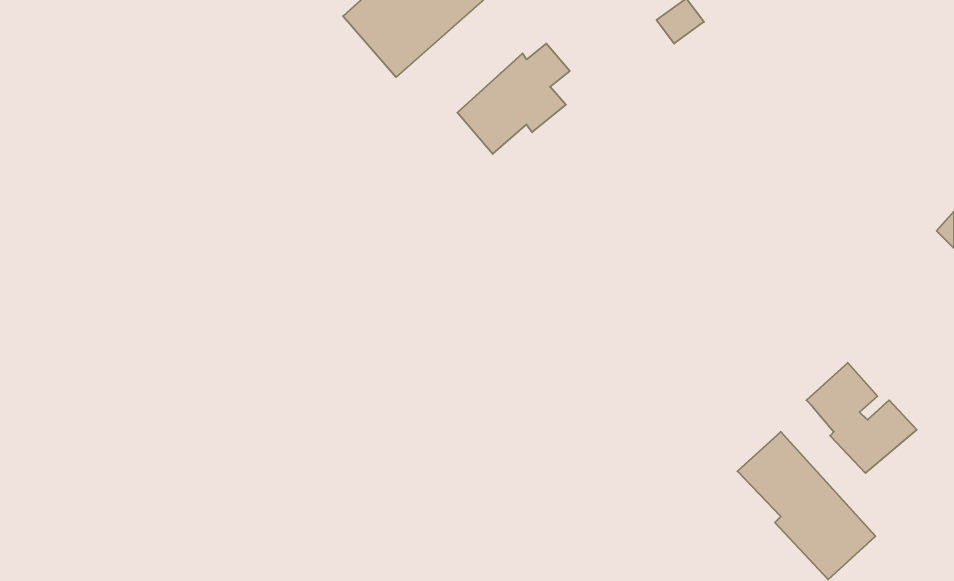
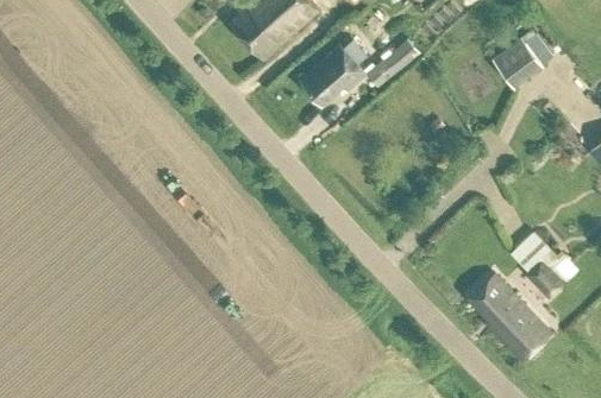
building: none -> [490,27,553,88]
building: none -> [364,38,419,89]

